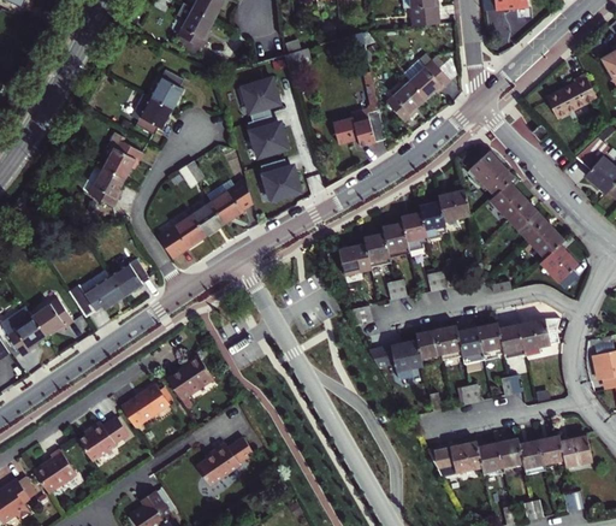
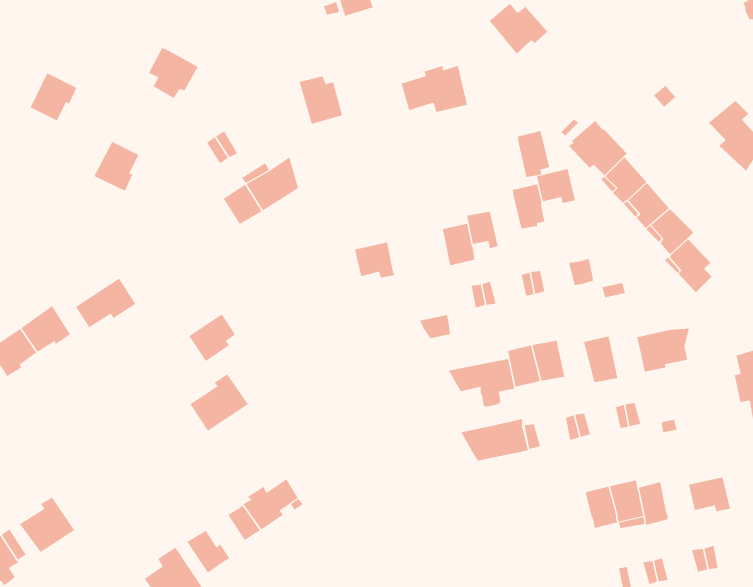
building: [150,70,183,110] -> none
building: [546,75,597,119] -> none
building: [237,77,278,122] -> none
building: [384,81,424,120] -> none
building: [103,141,141,179] -> [30,73,77,121]
building: [260,159,300,200] -> none
building: [402,213,428,250] -> [517,131,550,178]
building: [158,214,205,256] -> none
building: [339,243,372,272] -> [354,242,395,278]
building: [109,259,147,297] -> [189,313,236,362]
building: [498,324,526,357] -> none
building: [457,327,485,365] -> none
building: [118,384,167,427] -> none
building: [76,416,125,462] -> none
building: [538,433,565,466] -> none
building: [428,441,482,474] -> [460,419,529,461]
building: none -> [187,530,230,573]

